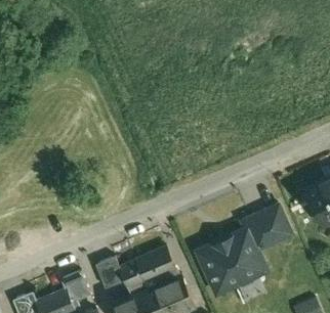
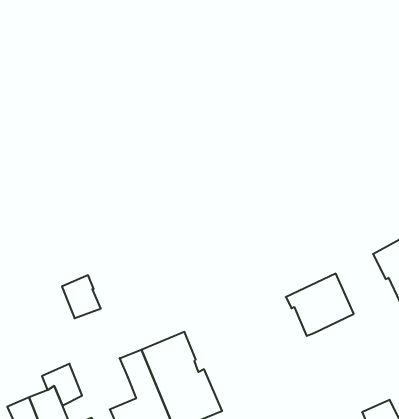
building: [197,230,264,294] -> none
building: [94,258,123,289] -> [62,275,101,318]

